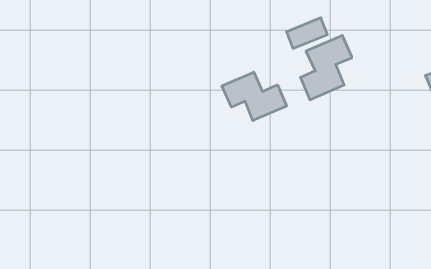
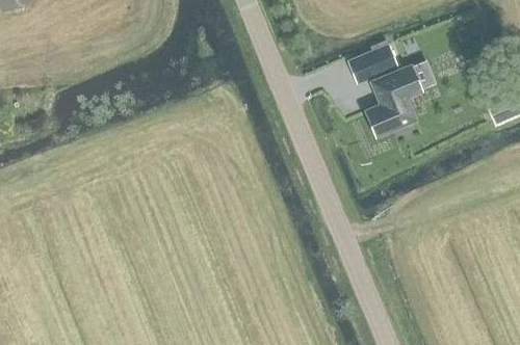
building: [222,72,287,121] -> none

